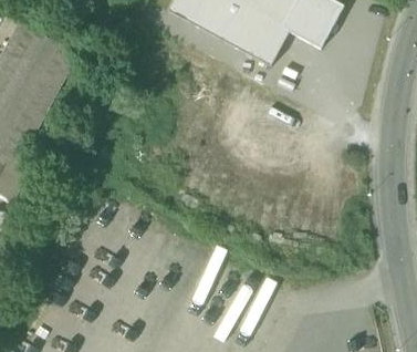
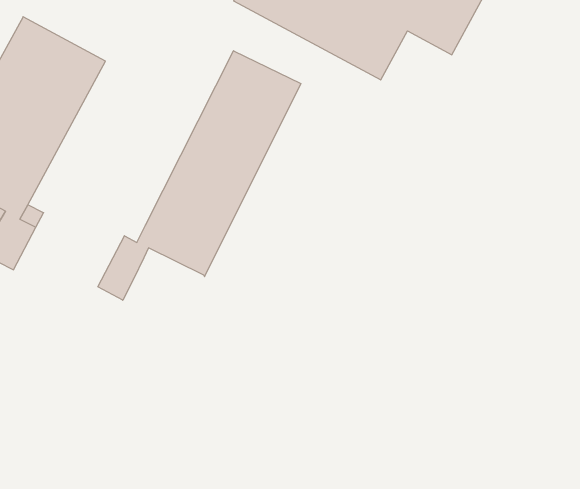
building: none -> [98,51,301,300]

